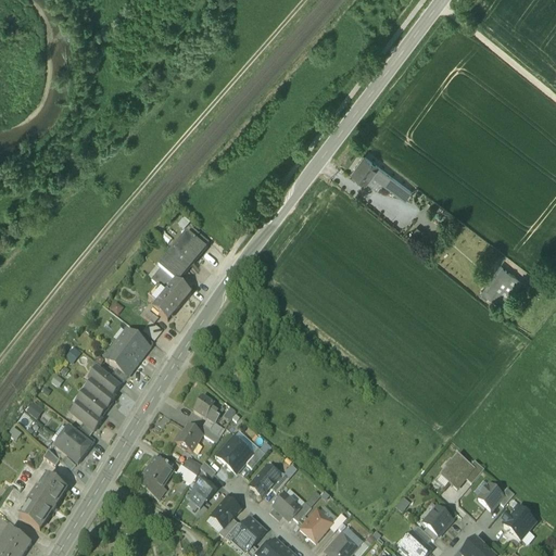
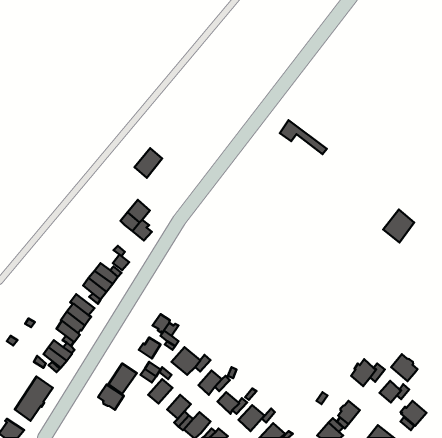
building: [173,227,207,264] -> [135,148,162,178]
building: [148,282,180,319] -> none
building: none -> [391,354,417,381]
building: none -> [98,385,124,410]

